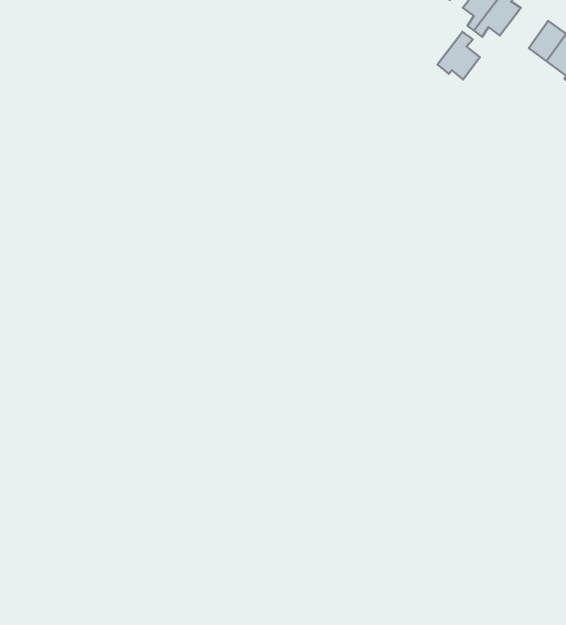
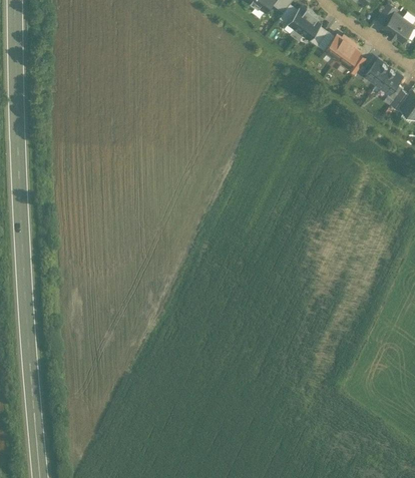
building: [438,32,480,79] -> none

